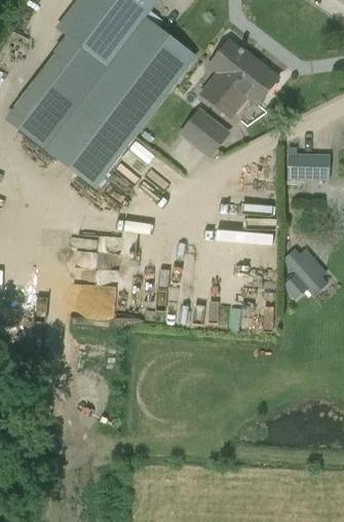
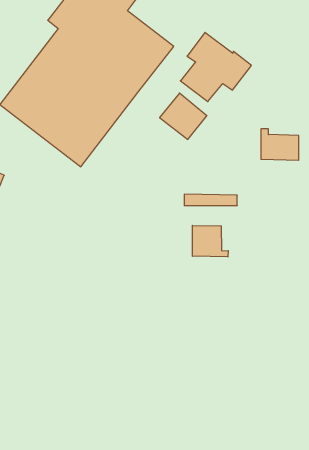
building: none -> [192,225,228,257]
building: [291,255,328,295] -> none

